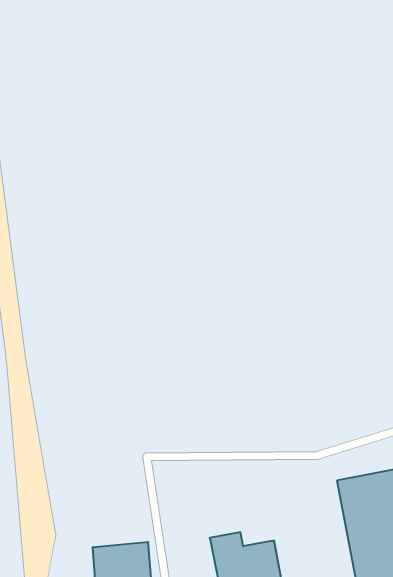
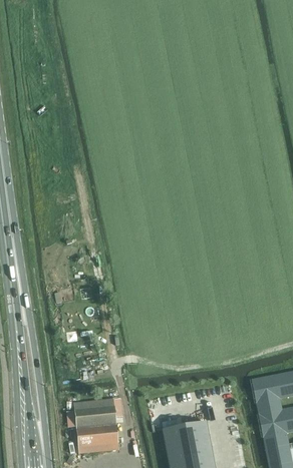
building: none -> [66,398,122,427]

